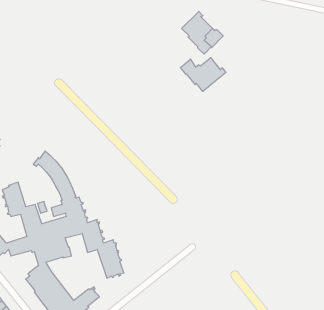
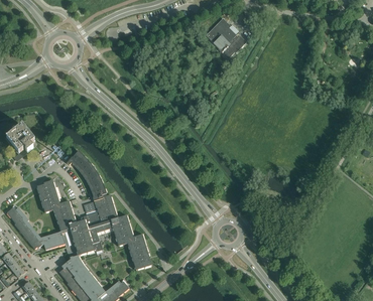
building: [180,58,226,91] -> none

